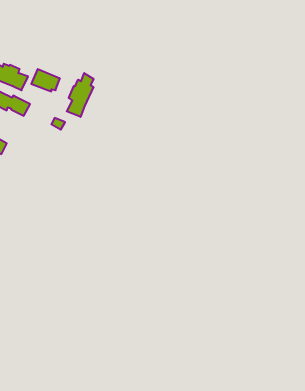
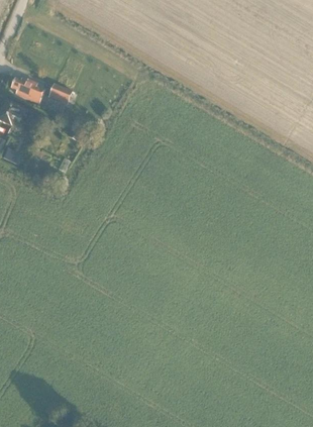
building: [67,73,93,117] -> none

